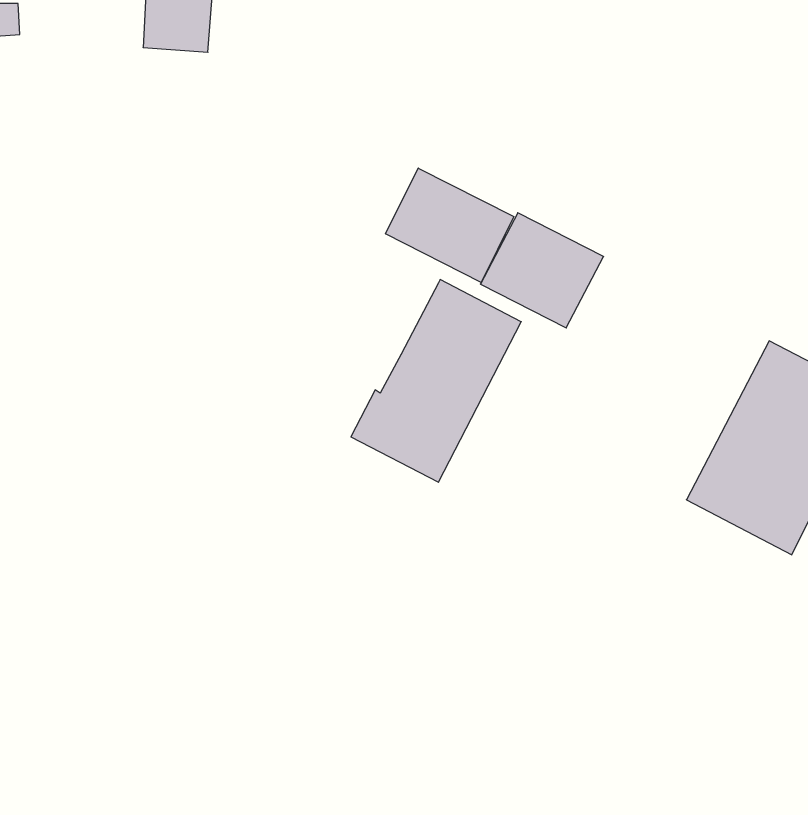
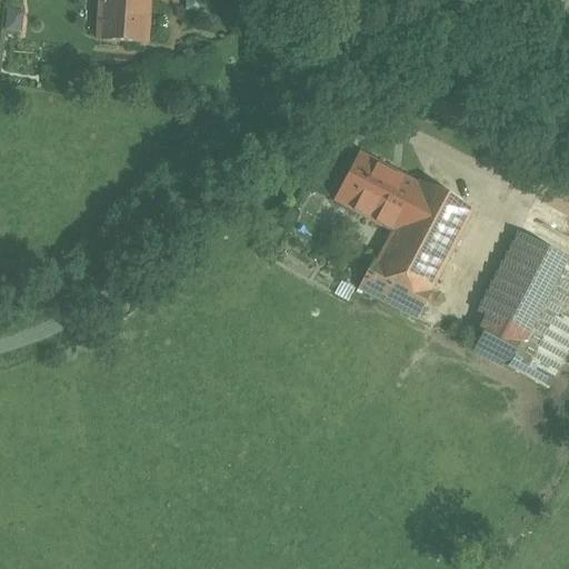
building: [386,168,514,283] -> none
building: [351,280,521,482] -> [357,176,473,315]

